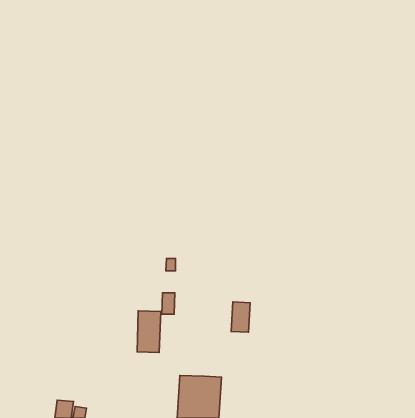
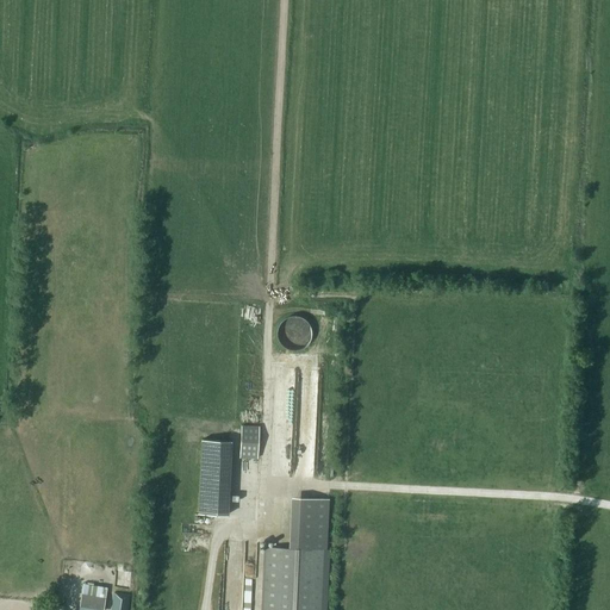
building: none -> [281,320,311,346]
building: [231,302,250,332] -> [298,498,325,542]

